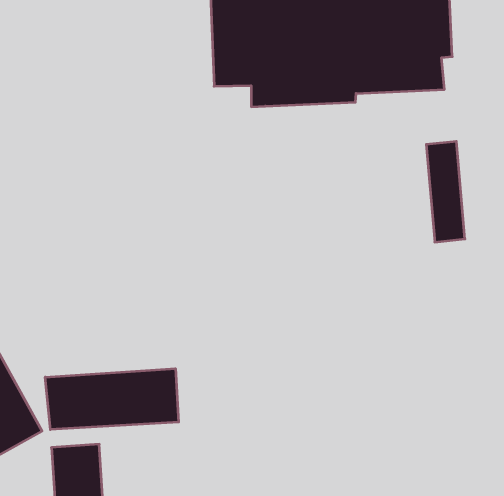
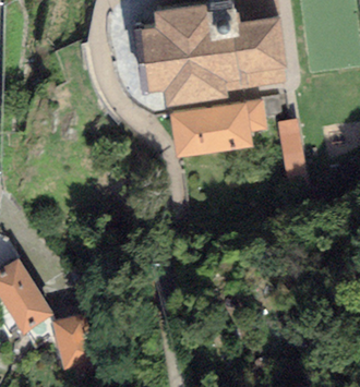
building: none -> [172,102,266,154]
building: [45,369,179,430] -> none

